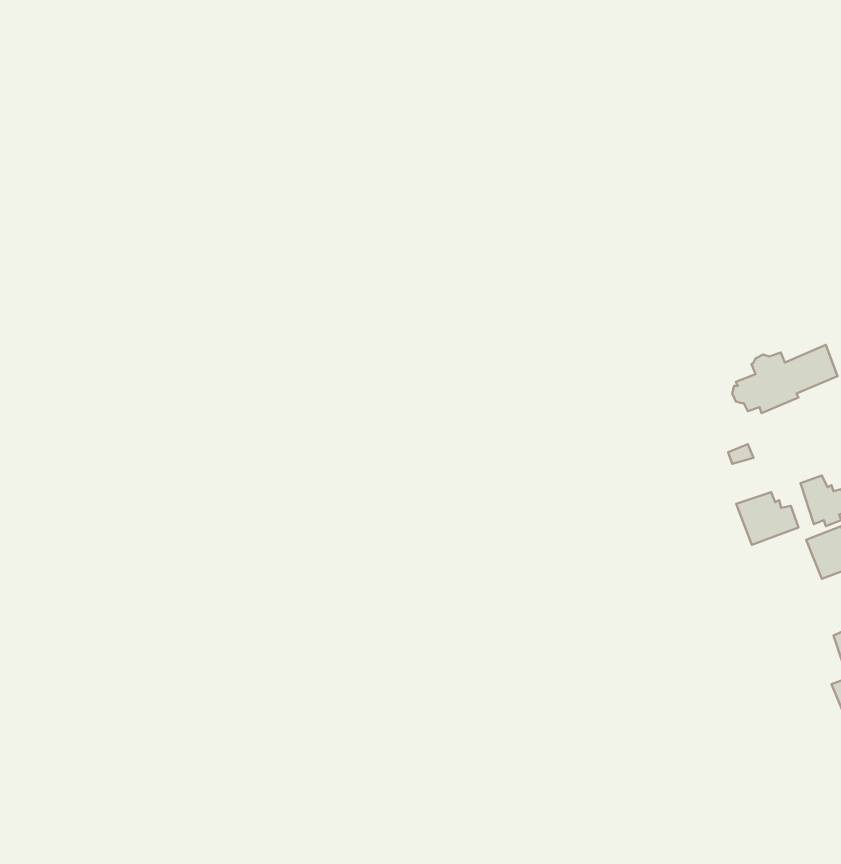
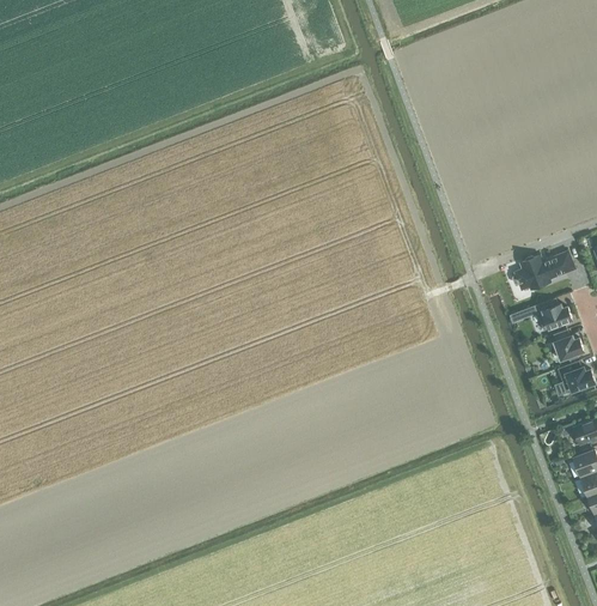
building: [736,492,799,545] -> [534,298,572,331]

